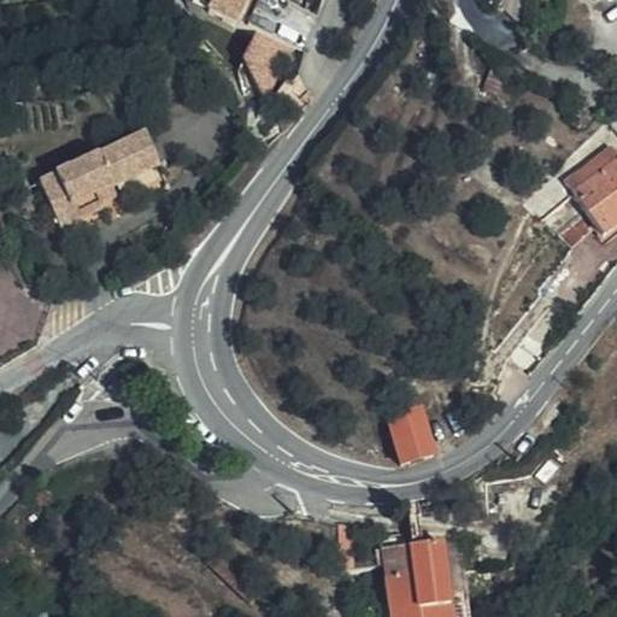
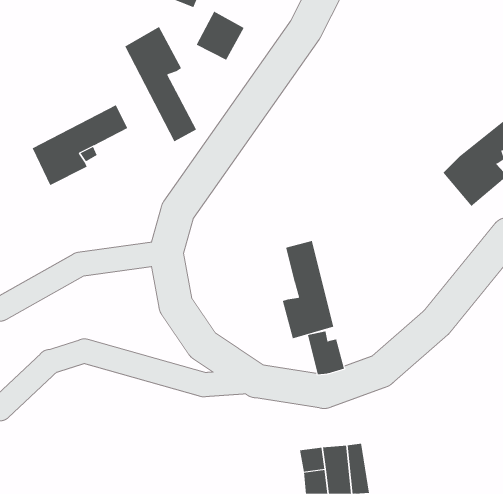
building: none -> [124,26,197,142]
building: none -> [282,240,334,339]

